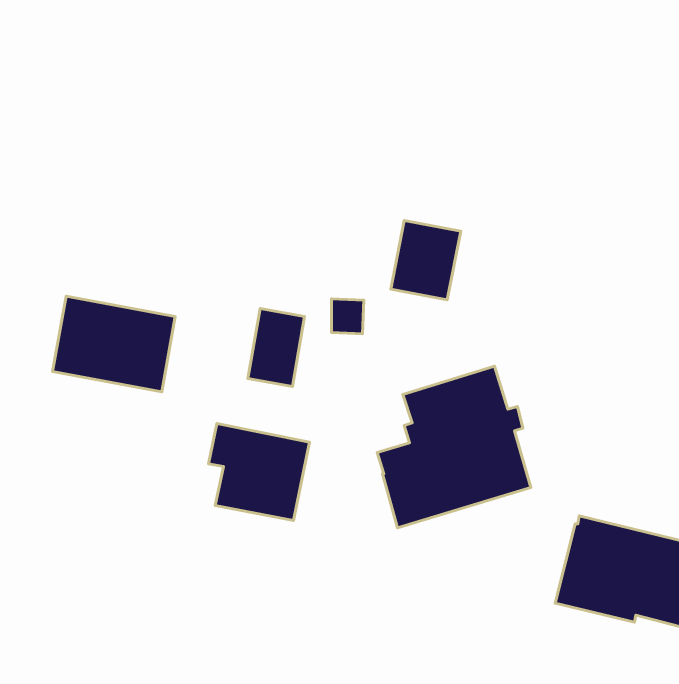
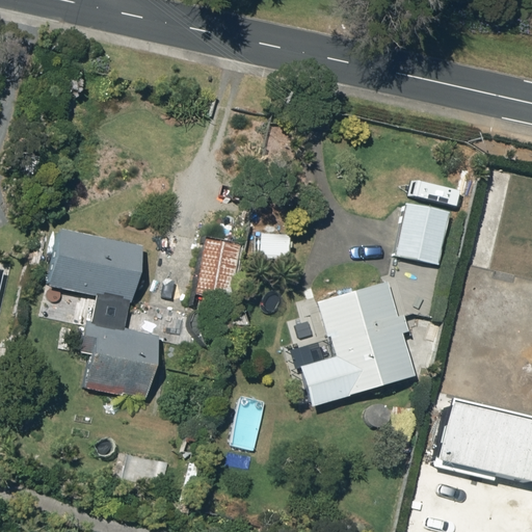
building: [391,220,461,300] -> [398,203,452,264]
building: [209,423,310,520] -> [78,320,156,395]

